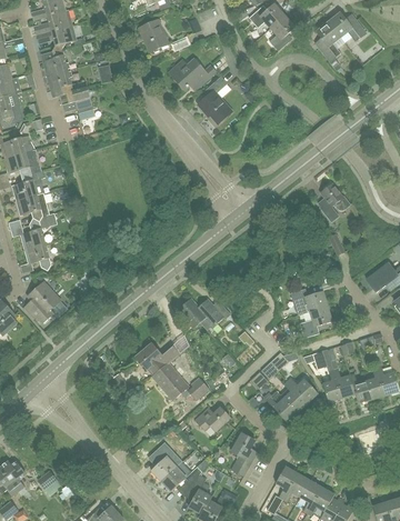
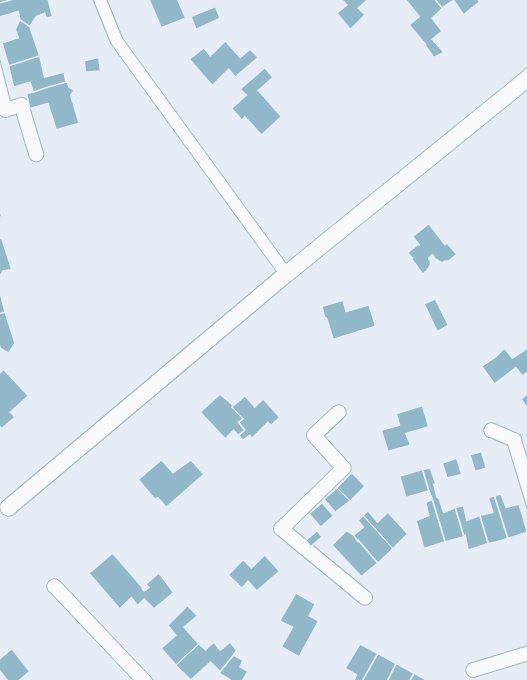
building: [290,288,327,314] -> [322,300,376,339]
building: [151,352,209,400] -> [88,538,174,609]

